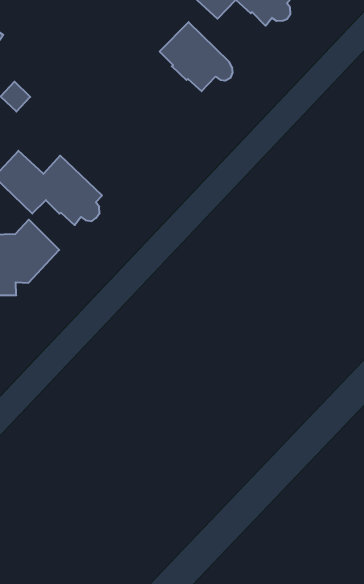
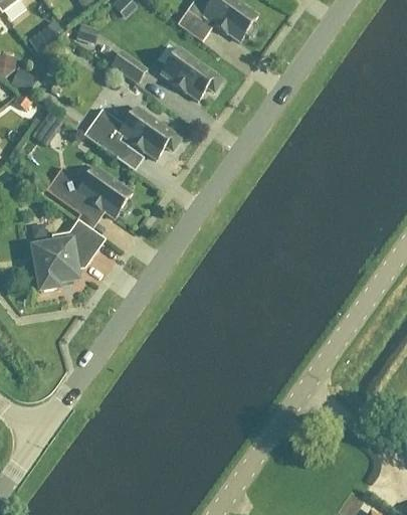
building: none -> [111,50,145,81]
building: none -> [82,106,177,158]

